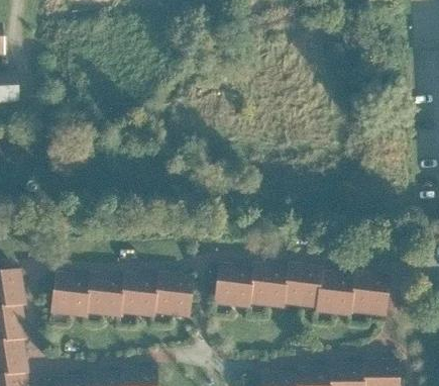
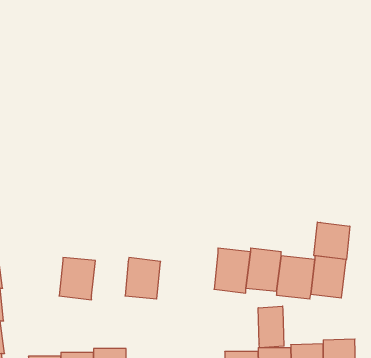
building: none -> [314,222,350,259]
building: [216,265,254,309] -> none
building: [52,274,91,318] -> none
building: [121,274,159,317] -> none
building: none -> [258,306,284,348]

